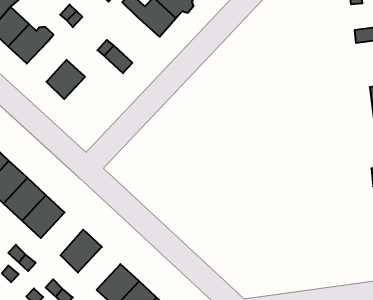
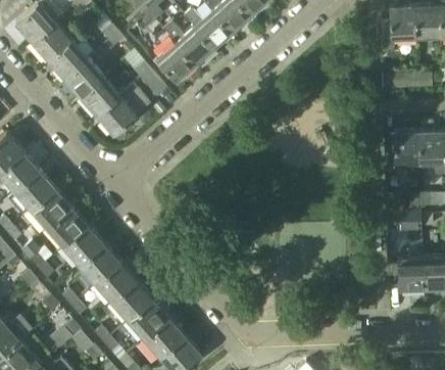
building: none -> [156,42,195,81]
building: none -> [64,58,103,97]
building: none -> [97,84,149,134]
building: none -> [61,225,103,266]
building: none -> [94,262,136,303]

